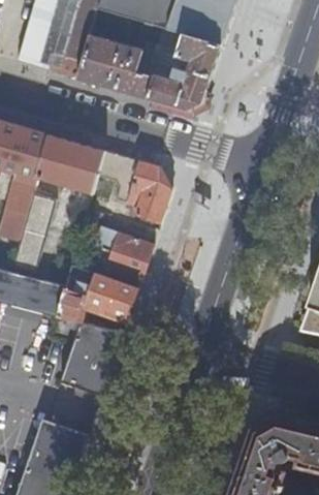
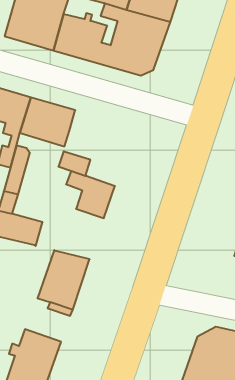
building: [97,152,171,225] -> none
building: [56,266,137,324] -> none

